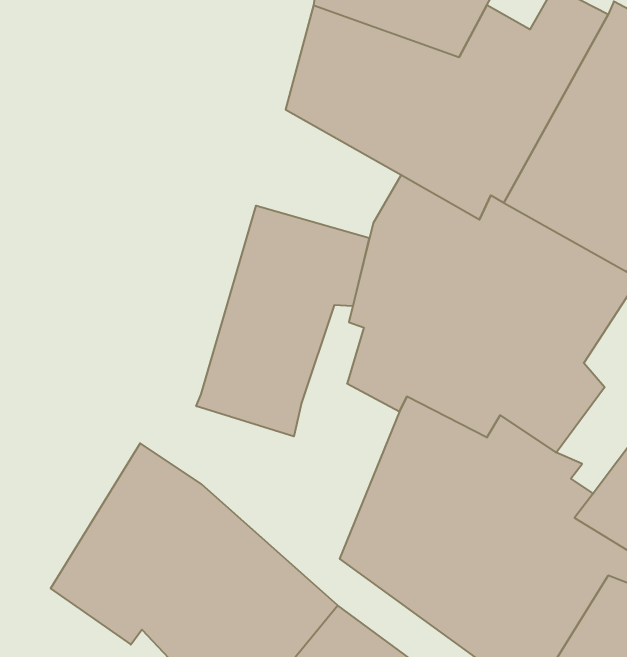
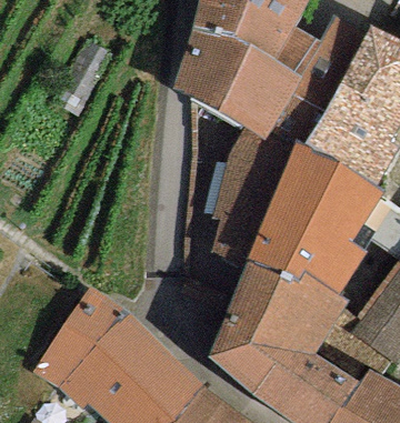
building: [196,206,369,436] -> none

